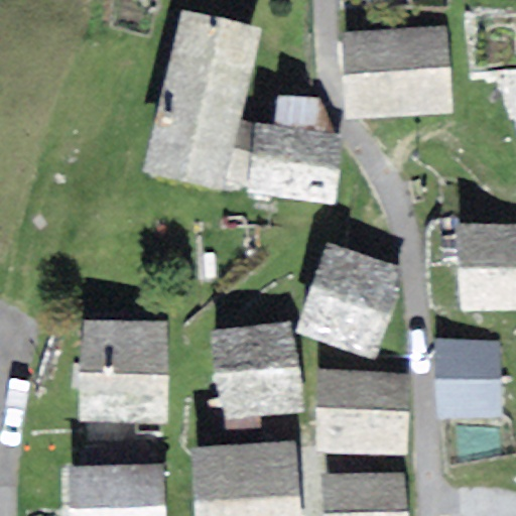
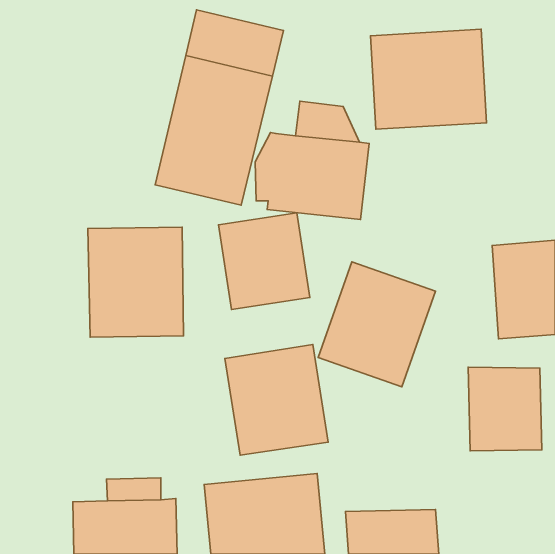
building: none -> [218,213,310,310]
building: [79,320,167,422] -> [88,227,183,337]
building: [314,368,410,455] -> none

